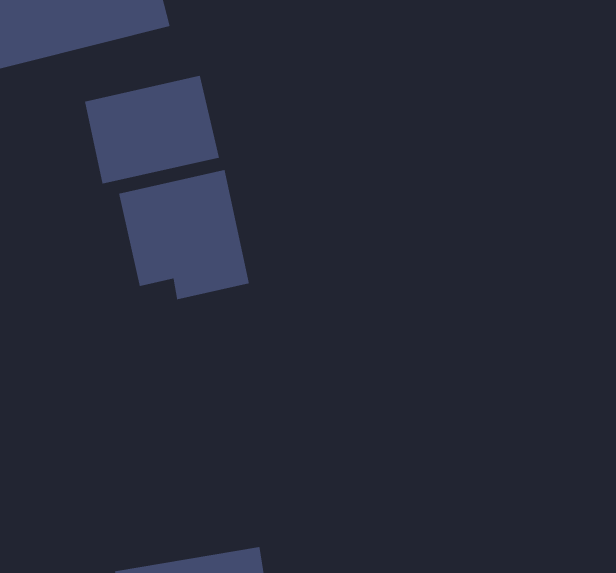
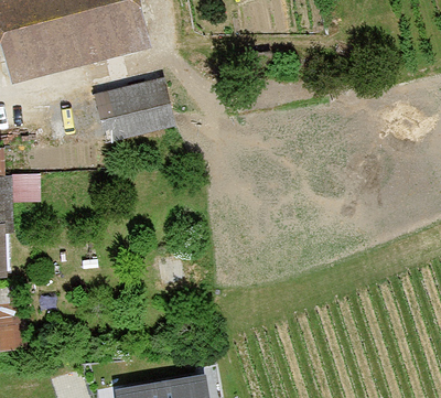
building: [118,169,249,300] -> none

